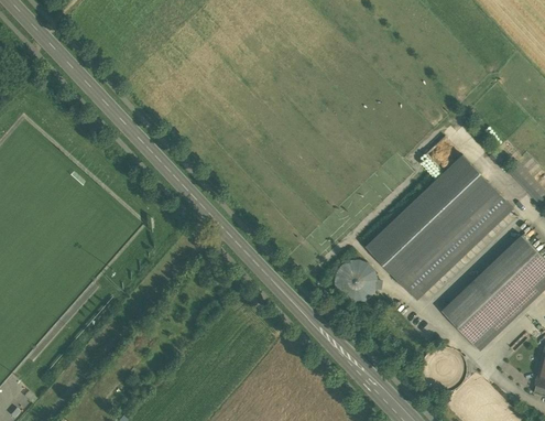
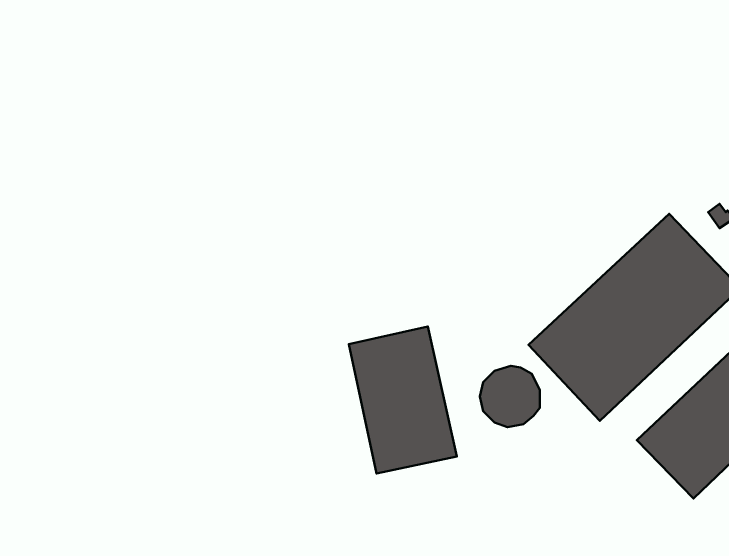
building: none -> [349,326,457,473]

